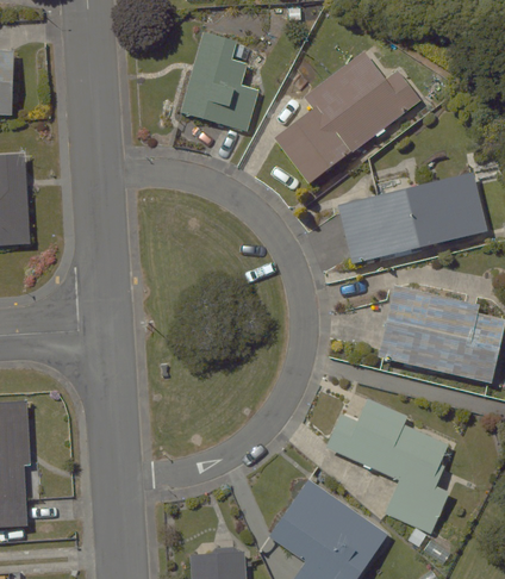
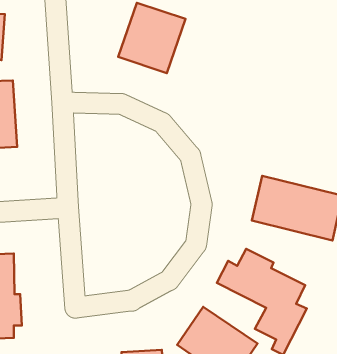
building: [273,52,418,182] -> none
building: [338,173,486,263] -> none

